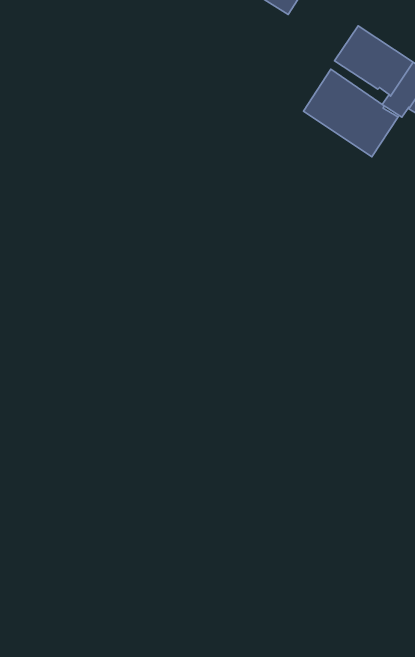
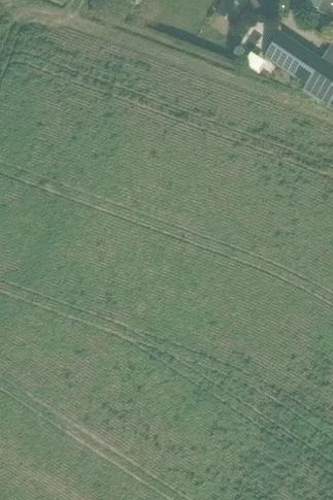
building: [304,69,398,157] -> none

